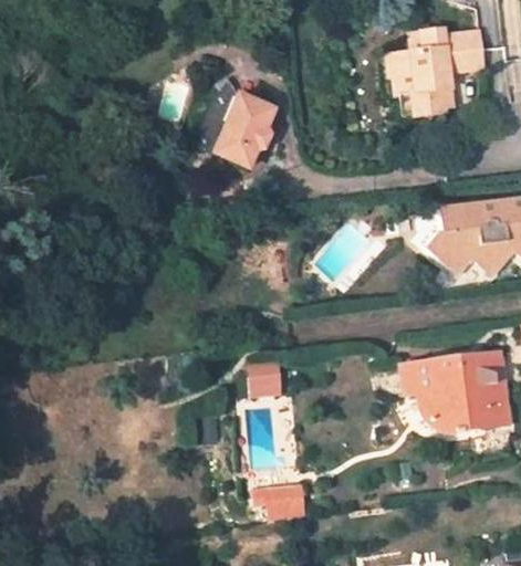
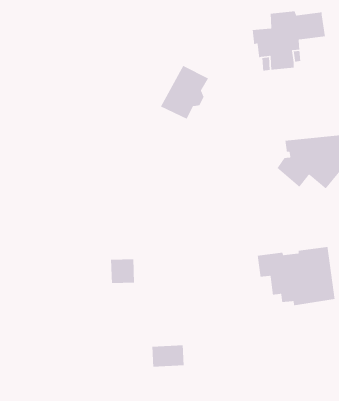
building: [210,81,277,155] -> [160,65,209,120]
building: [247,359,280,394] -> [110,258,135,284]

